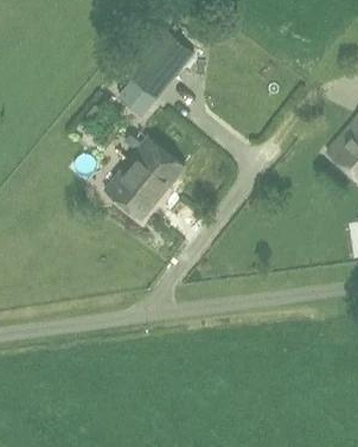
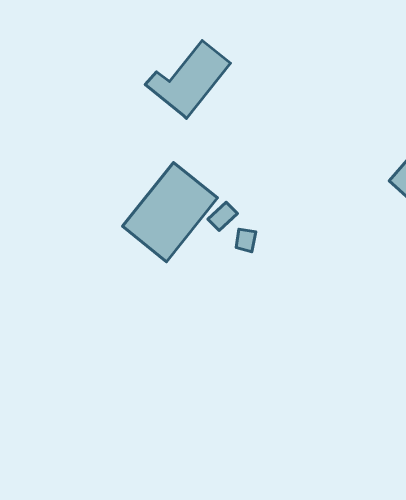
building: [117,78,155,115] -> none

